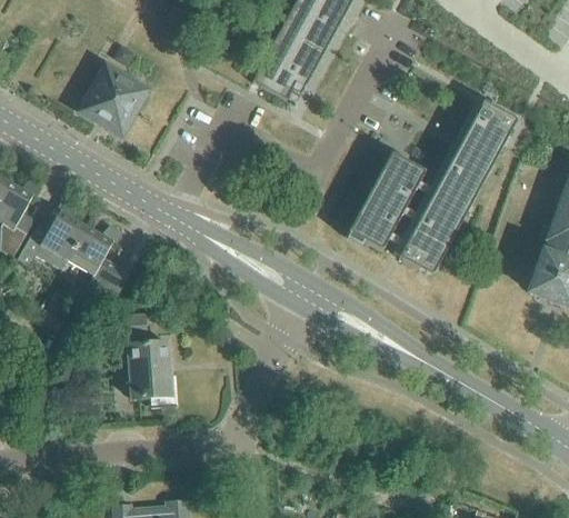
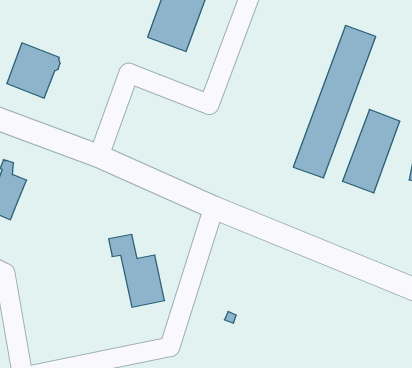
building: [347,153,423,251] -> [342,109,400,193]
building: [68,226,129,298] -> none
building: [116,315,170,399] -> [109,235,165,307]

